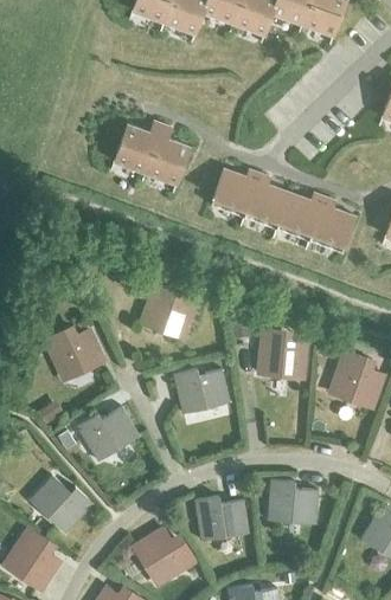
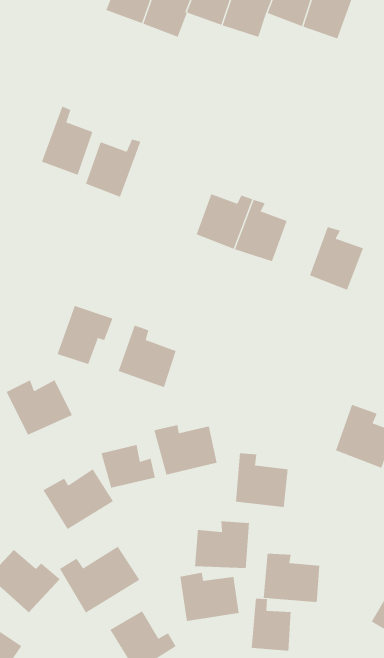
building: [145,123,190,183] -> [41,106,93,176]
building: [276,192,323,239] -> none
building: none -> [57,305,113,365]
building: [259,329,306,376] -> [235,453,289,507]
building: none -> [101,444,155,489]
building: none -> [195,521,250,569]
building: none -> [59,546,140,614]
building: none -> [251,598,291,651]

